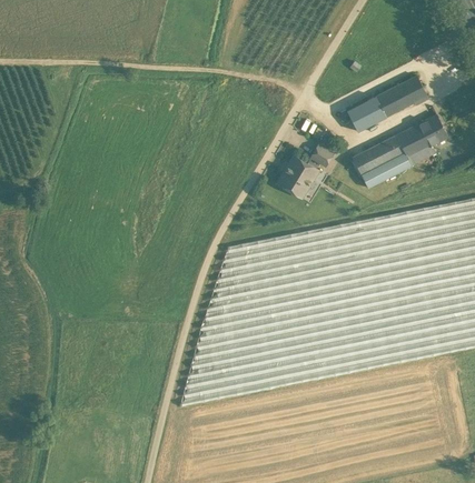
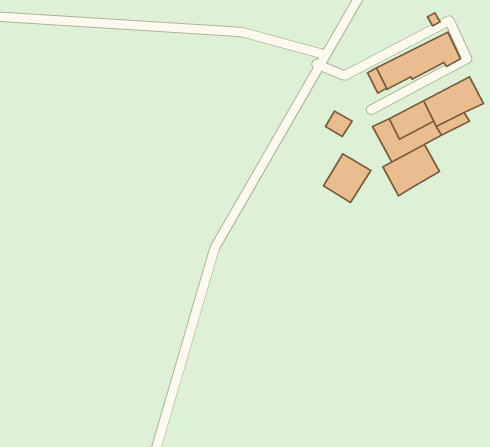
building: [277,155,318,198] -> [324,154,371,202]
building: none -> [383,145,440,196]

